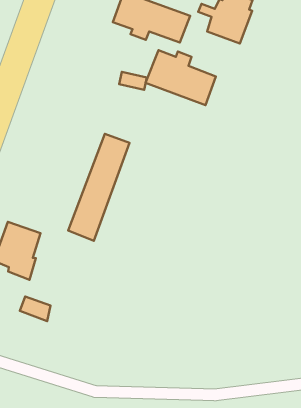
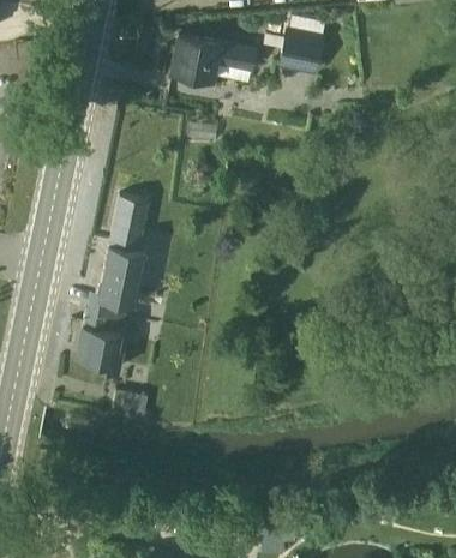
building: [146,50,216,105] -> none
building: [68,134,129,241] -> [95,196,149,317]

